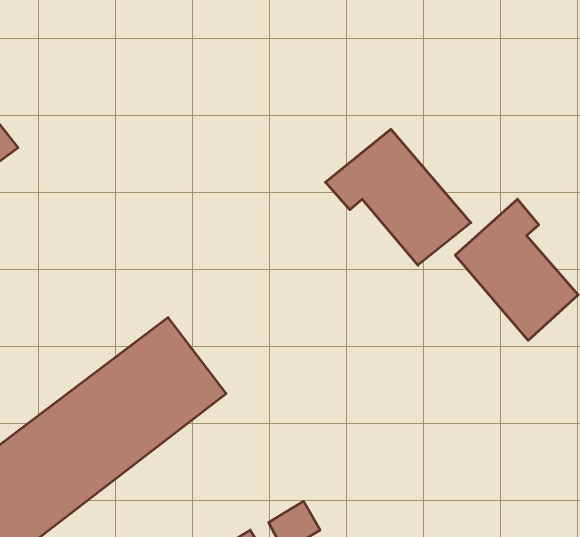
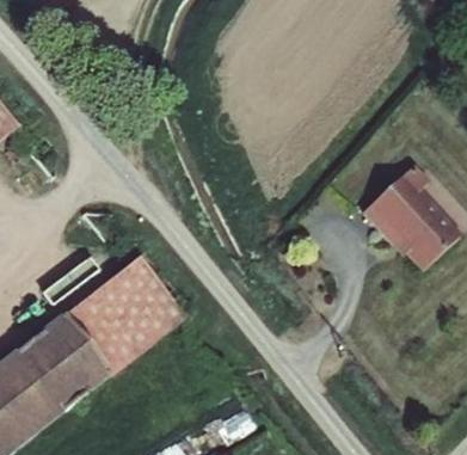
building: [325,129,471,265] -> none

